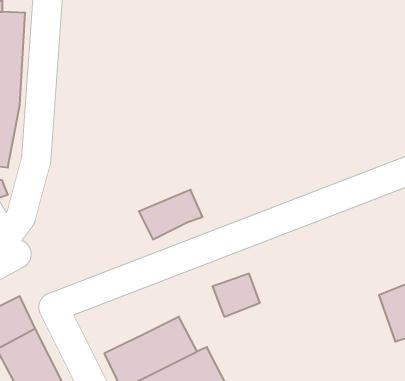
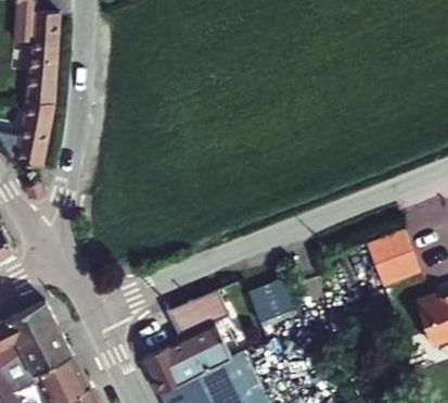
building: [139,190,203,239] -> [165,289,229,339]
building: none -> [366,229,420,287]

